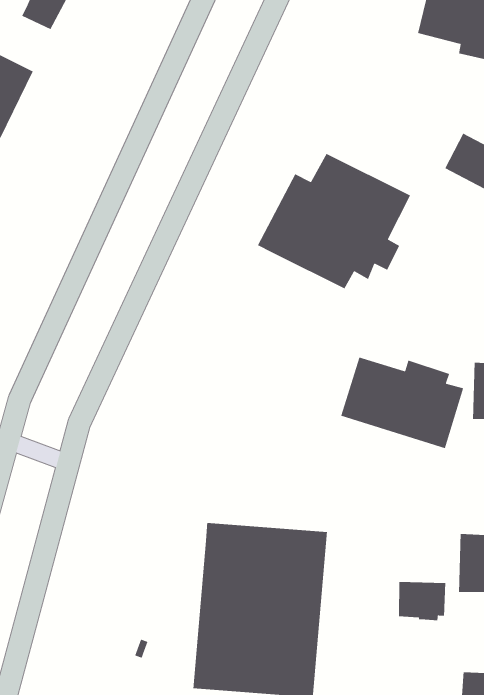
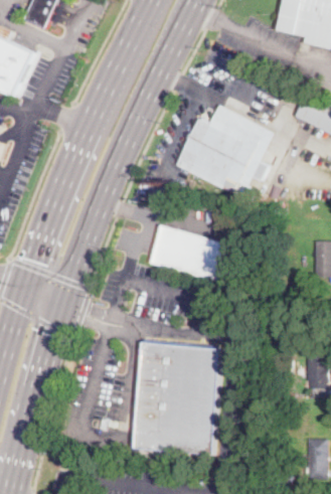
building: [340,356,464,449] -> [149,224,228,284]
building: [398,581,446,621] -> none

